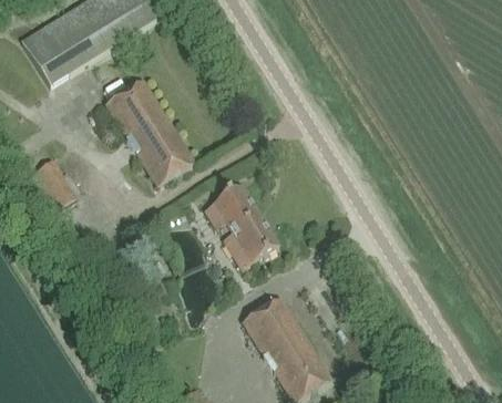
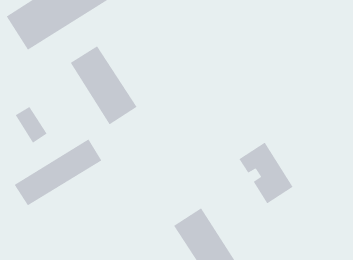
building: [204,184,277,267] -> [239,142,294,204]
building: none -> [14,138,102,206]

